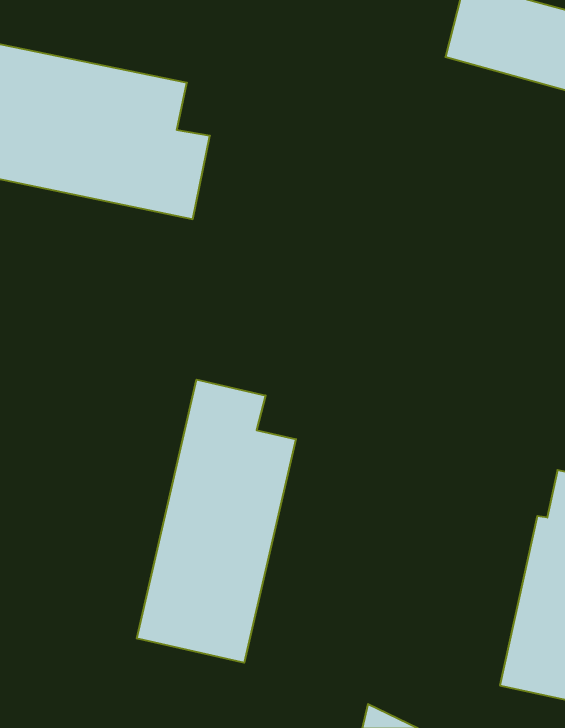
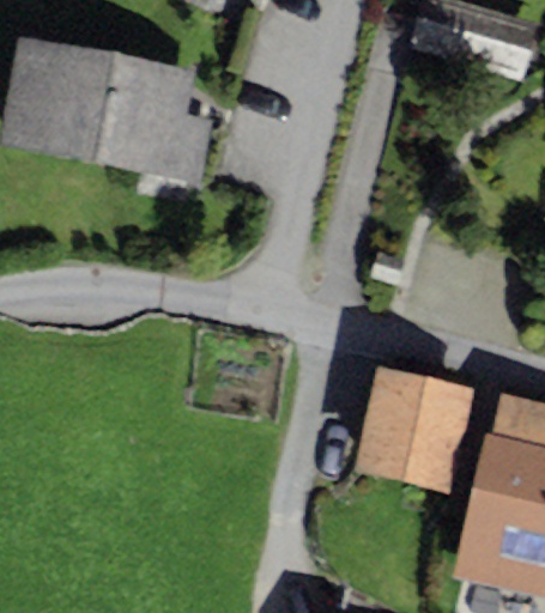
building: [137,380,296,663] -> none
building: none -> [353,364,473,490]

